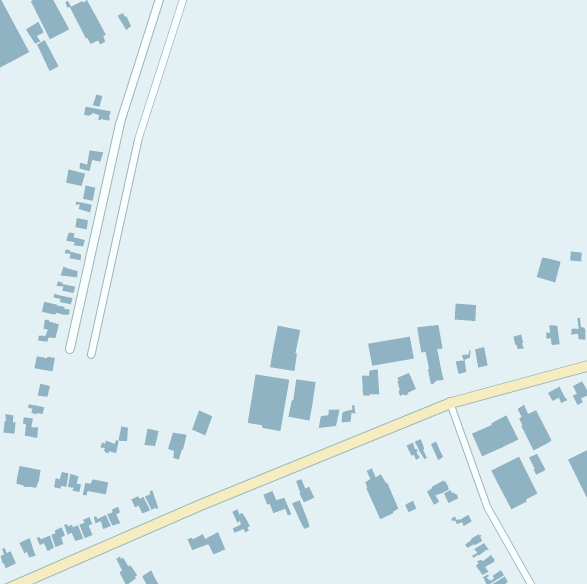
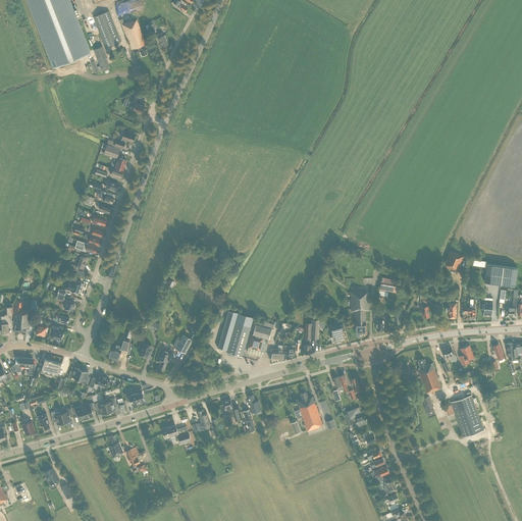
building: [269,325,301,372] -> none
building: [368,336,414,366] -> none
building: [471,414,519,457] -> none
building: [490,456,538,510] -> none

